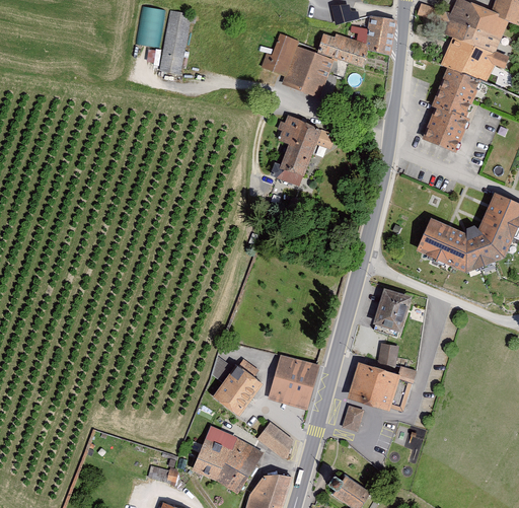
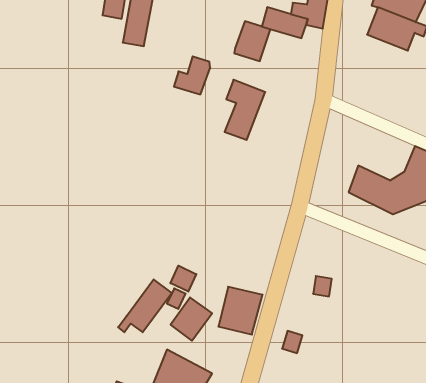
building: [257,37,299,80] -> [174,56,210,94]
building: [427,68,477,149] -> none
building: [374,288,411,330] -> none
building: none -> [170,266,196,292]
building: none -> [118,279,172,332]
building: [347,363,413,412] -> none
building: [258,421,292,458] -> none

